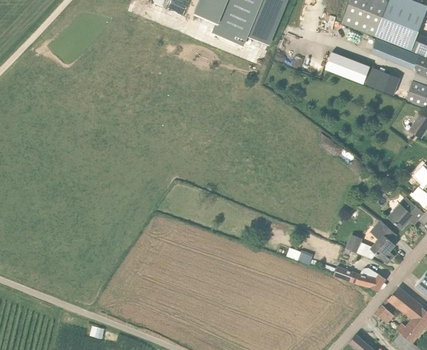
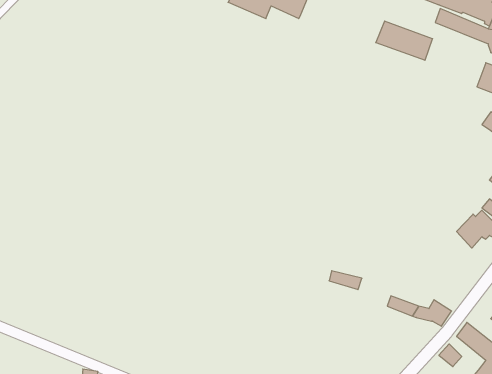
building: [365,61,397,95] -> none
building: [346,222,396,263] -> none

